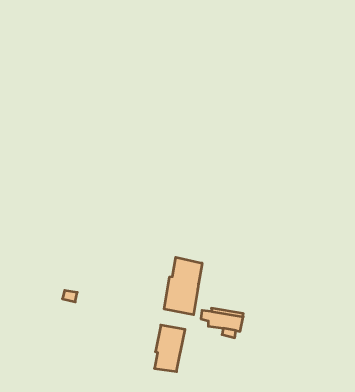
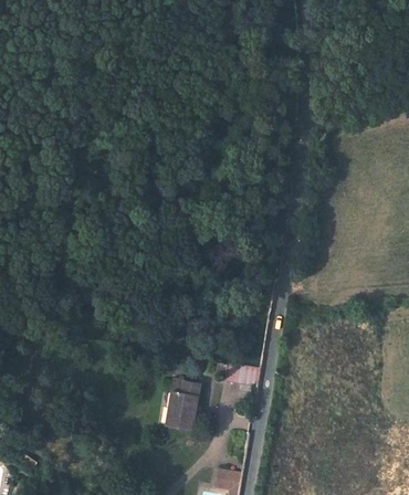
building: [164,257,202,315] -> none

